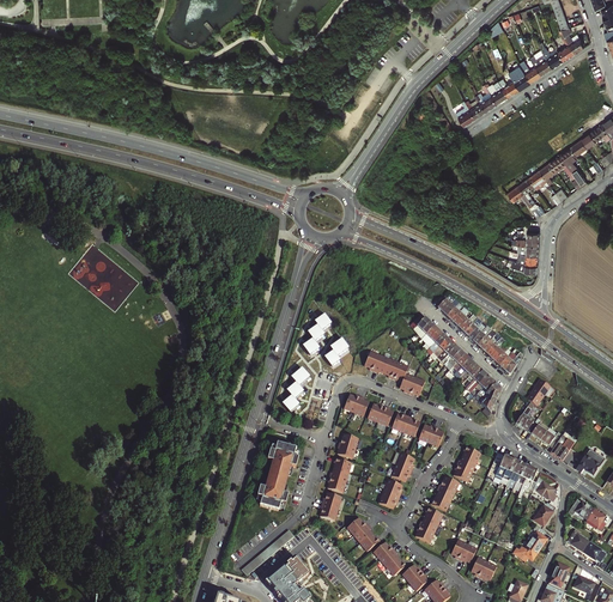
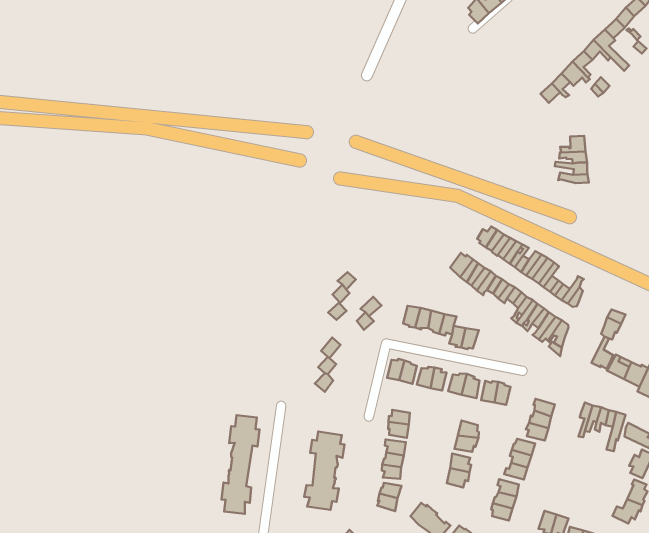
building: none -> [222,415,260,514]

